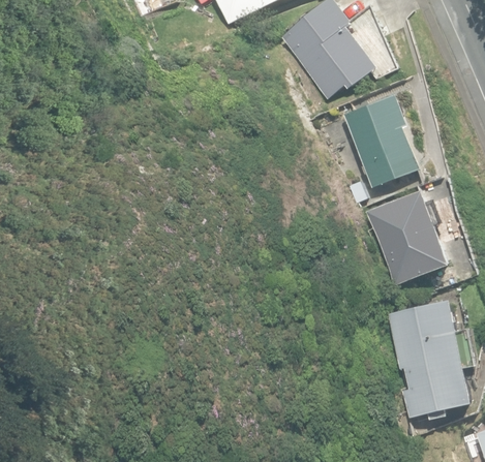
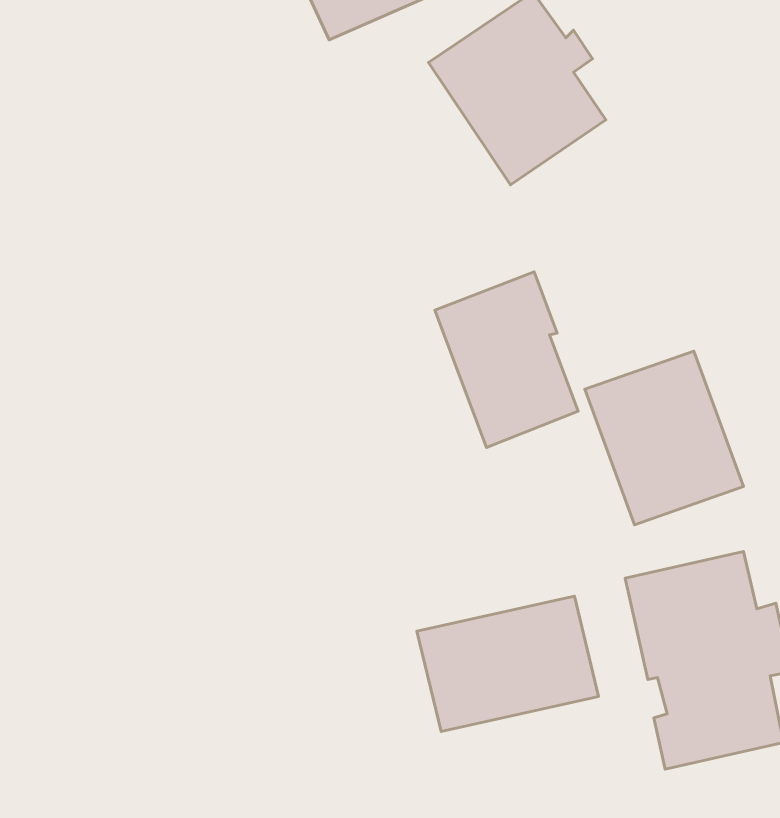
building: [341,93,419,188] -> [435,272,578,448]
building: none -> [417,596,599,732]

